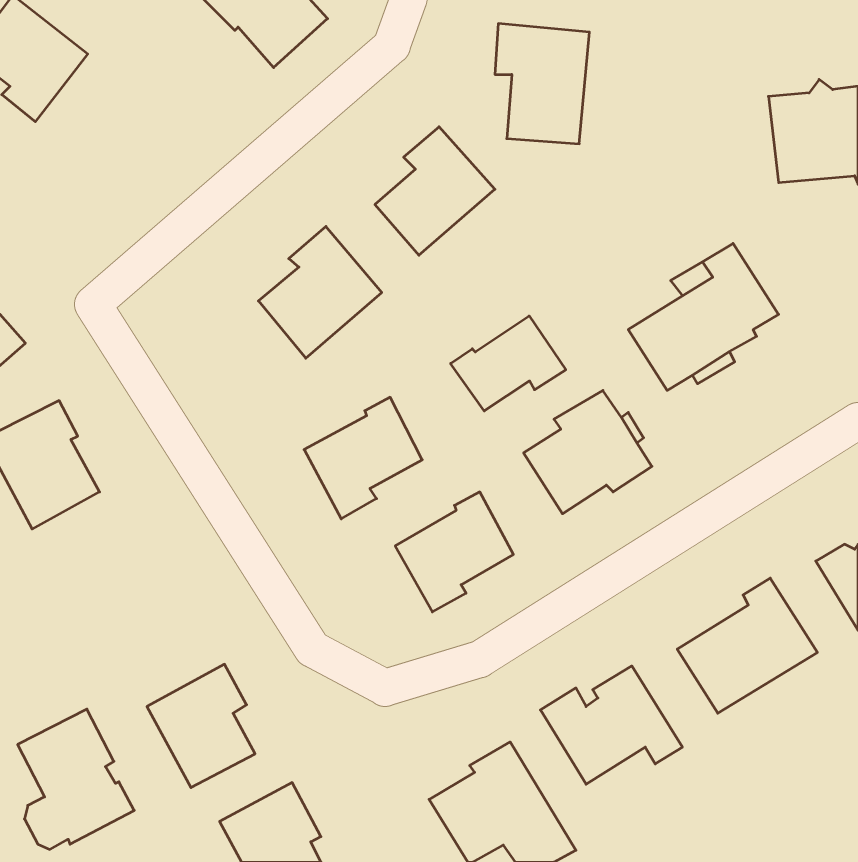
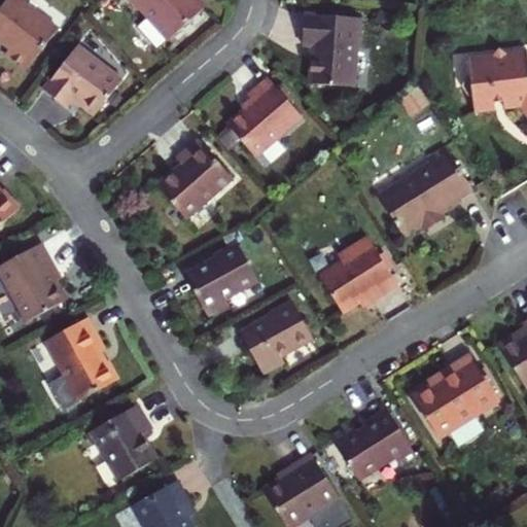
building: none -> [39,49,117,118]
building: [451,316,566,411] -> none
building: [18,709,134,849] -> [44,316,115,401]

